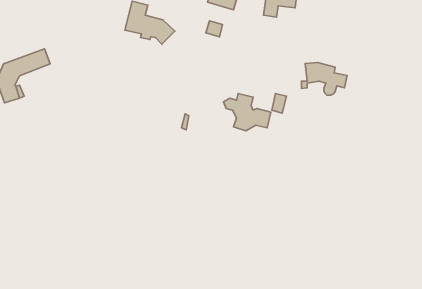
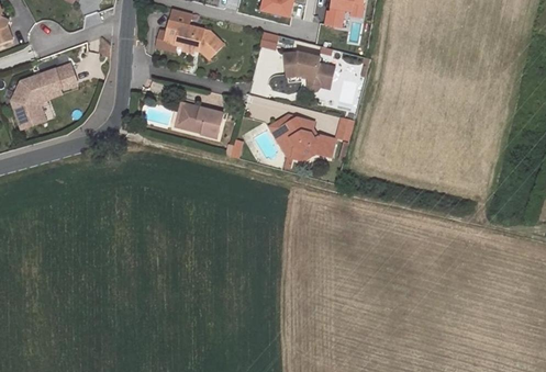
building: [302,63,347,95] -> [278,52,332,90]
building: none -> [176,102,220,137]
building: none -> [269,114,297,156]

